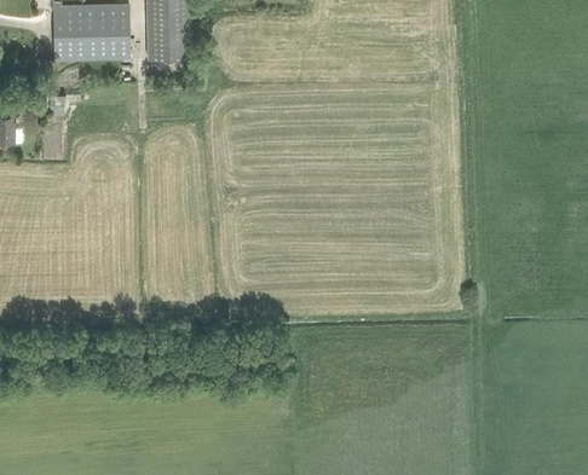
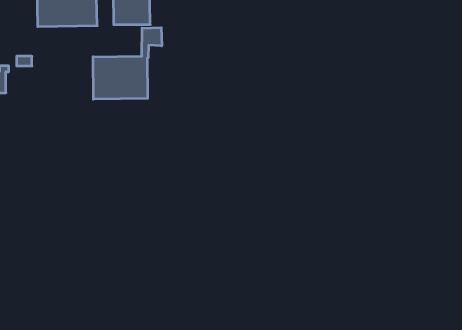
building: none -> [93,28,162,99]

